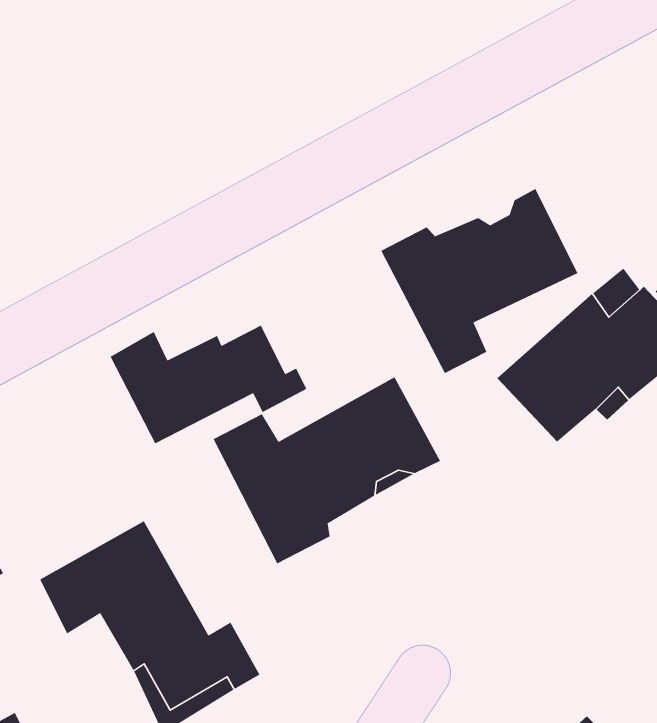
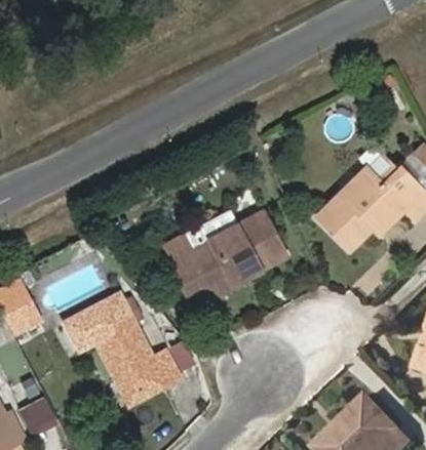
building: [380,188,578,374] -> none
building: [109,324,308,445] -> none

